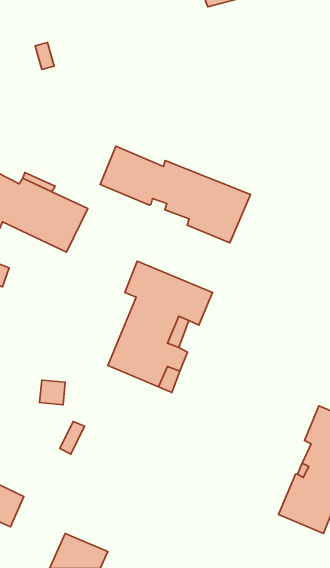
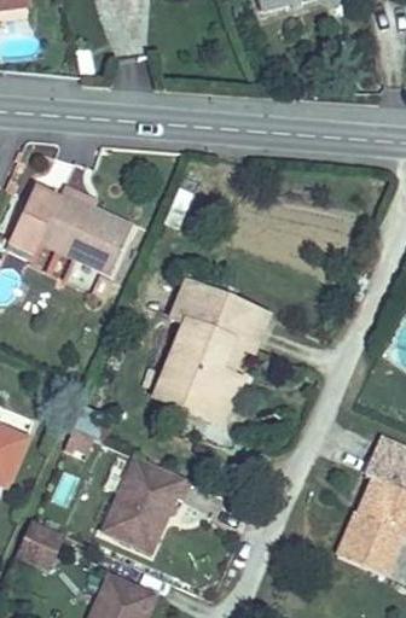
building: [100,146,251,243] -> none
building: none -> [103,455,191,550]

